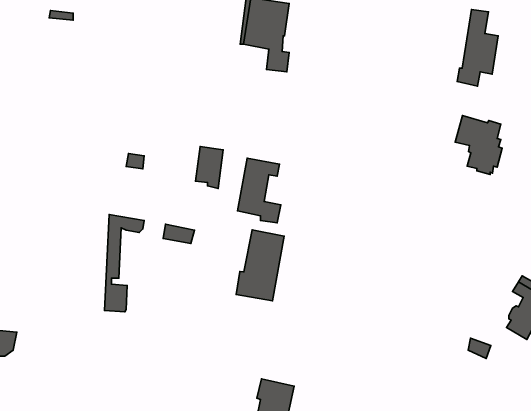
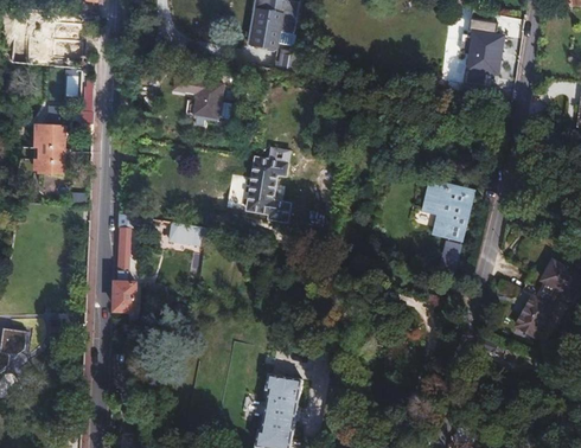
building: [455,116,502,174] -> [423,183,470,241]
building: none -> [38,127,64,174]
building: [195,146,223,188] -> [191,81,218,122]
building: [236,230,284,301] -> none

